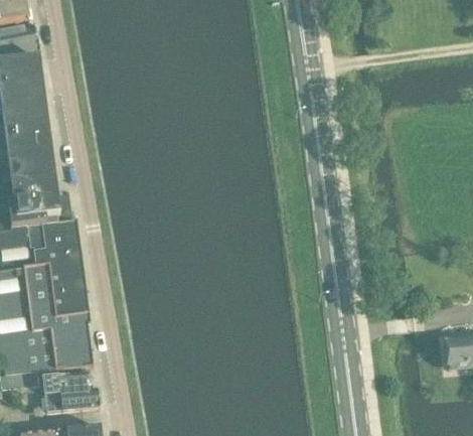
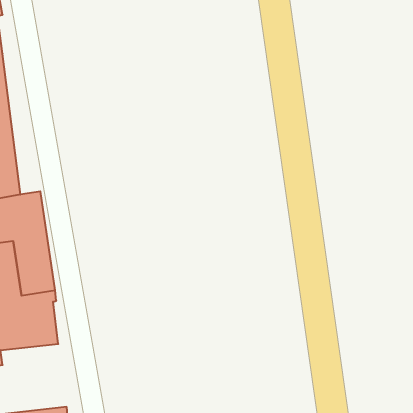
building: [42,370,99,409] -> none

